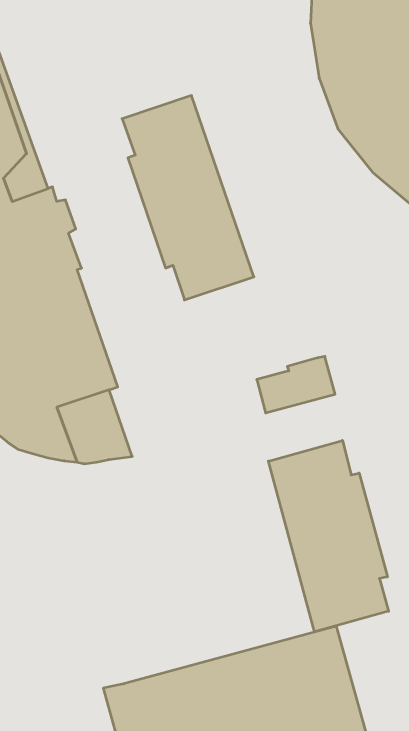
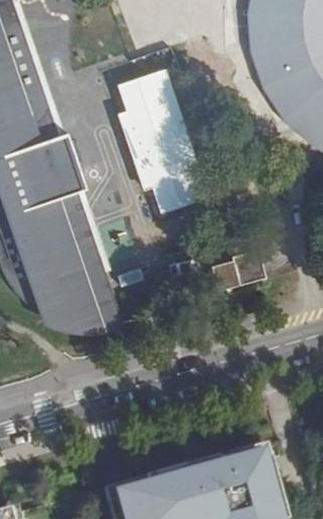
building: [268,440,389,632] -> none

